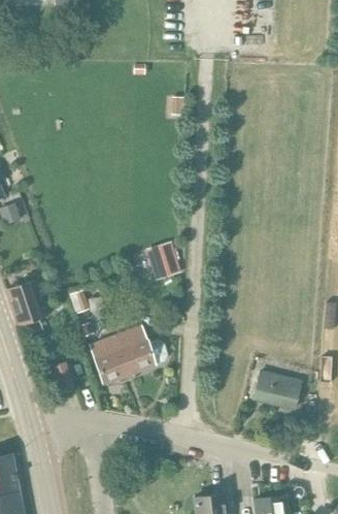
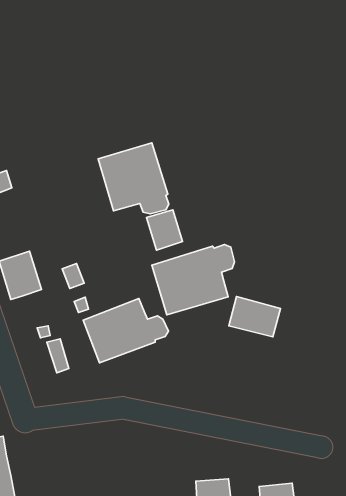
building: none -> [98,143,169,214]
building: none -> [152,244,234,315]
building: [252,370,301,408] -> [229,296,280,337]

